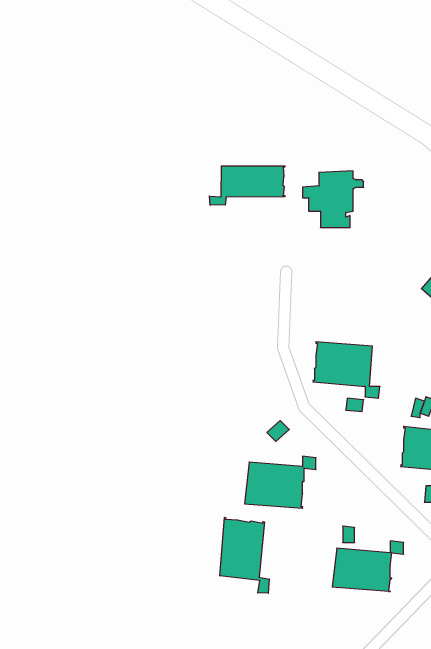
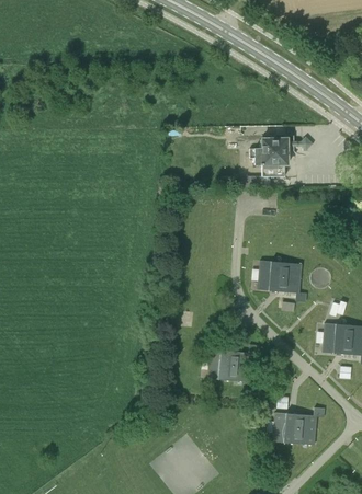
building: [209,166,285,205] -> none
building: [220,517,269,593] -> none

